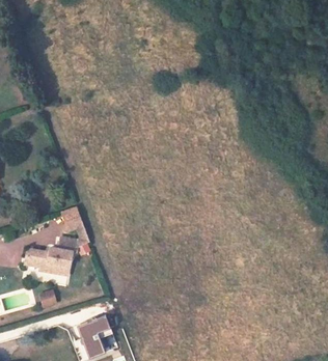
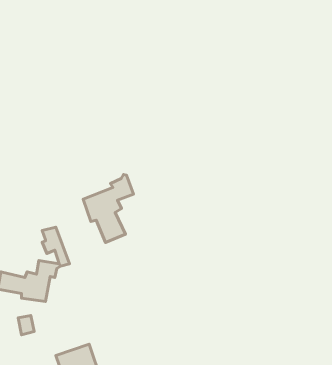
building: none -> [83,175,134,242]

